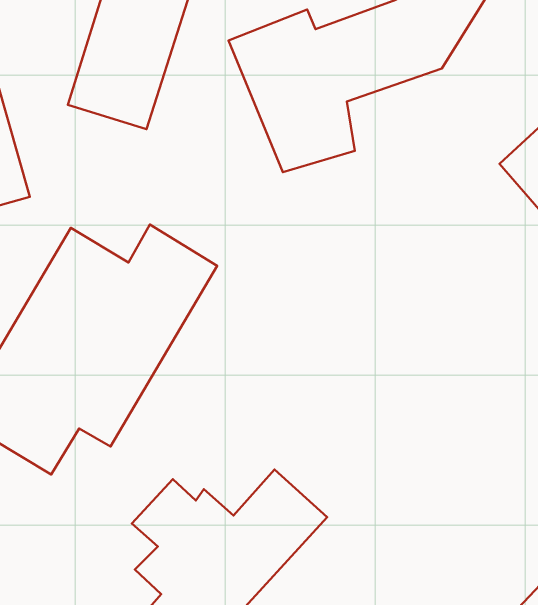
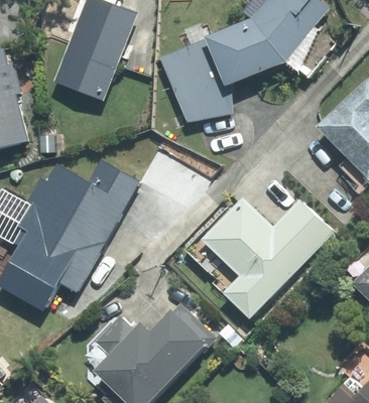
building: none -> [188,198,331,322]

